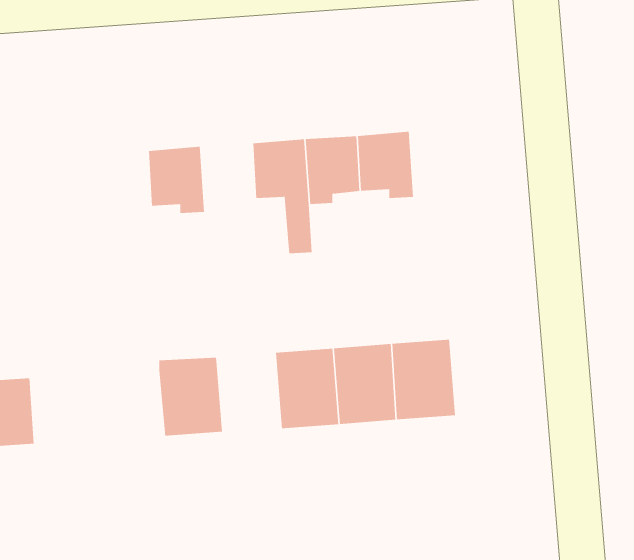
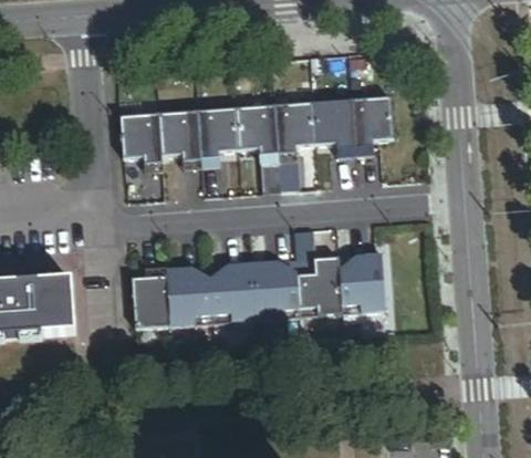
building: none -> [352,96,393,147]
building: none -> [197,107,238,158]
building: none -> [119,113,162,163]
building: none -> [209,262,257,321]
building: none -> [131,275,170,327]

